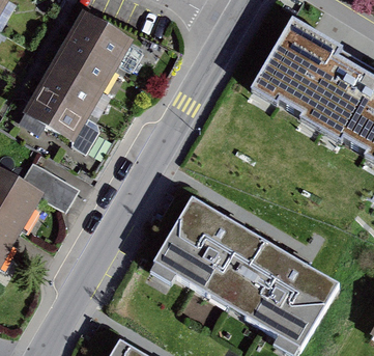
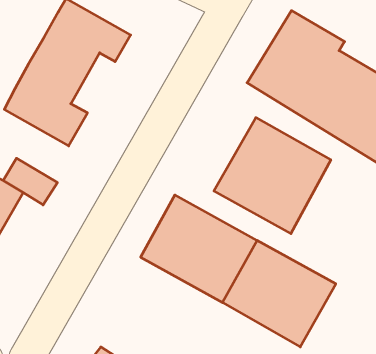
building: none -> [214,118,331,234]

